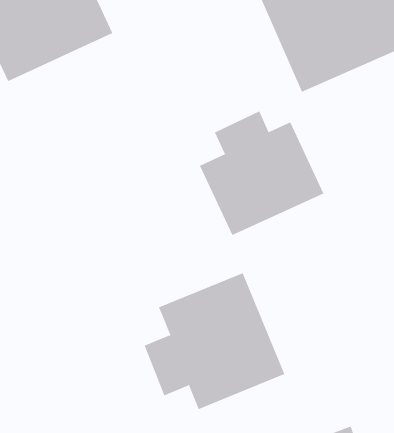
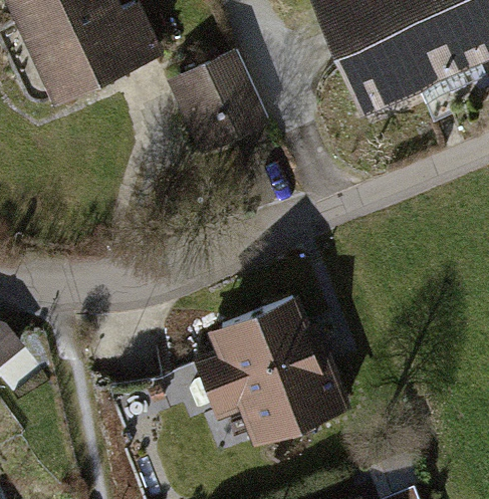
building: none -> [168,46,271,154]
building: [199,111,324,236] -> none

